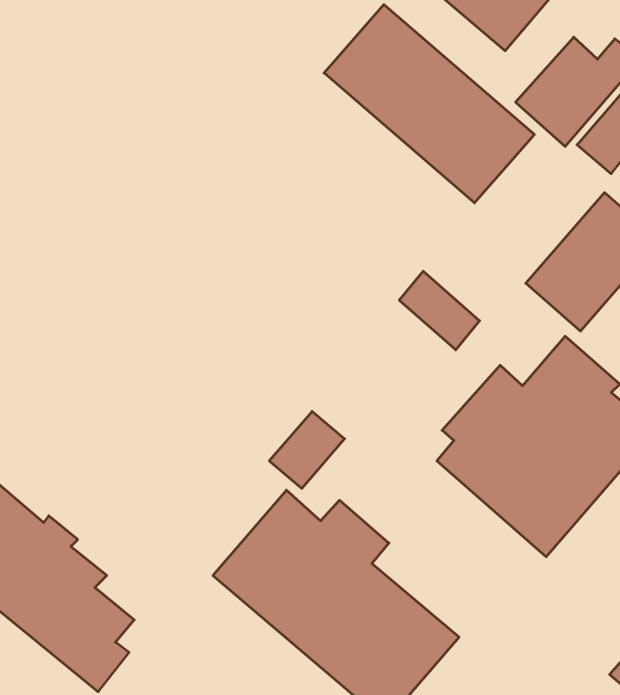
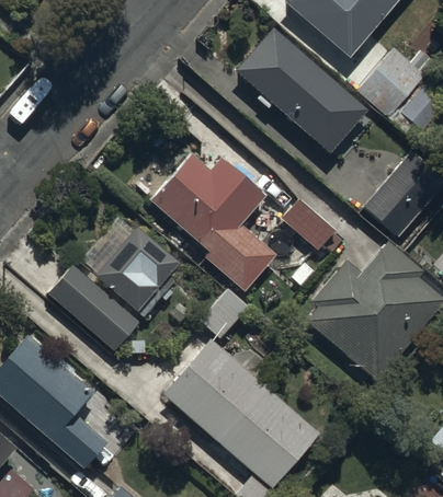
building: none -> [149,153,276,291]
building: none -> [95,227,180,316]
building: none -> [48,265,138,350]

